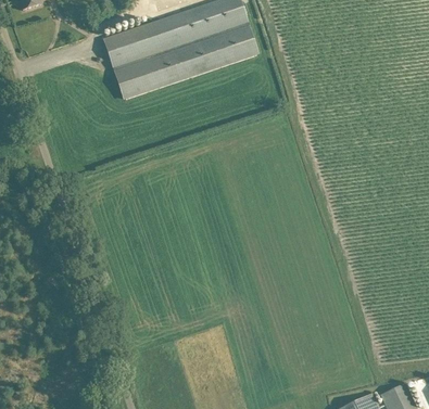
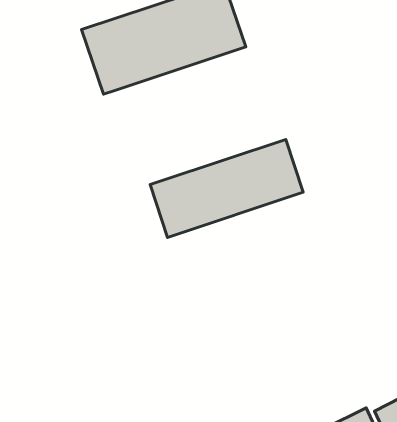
building: none -> [150,139,303,237]

